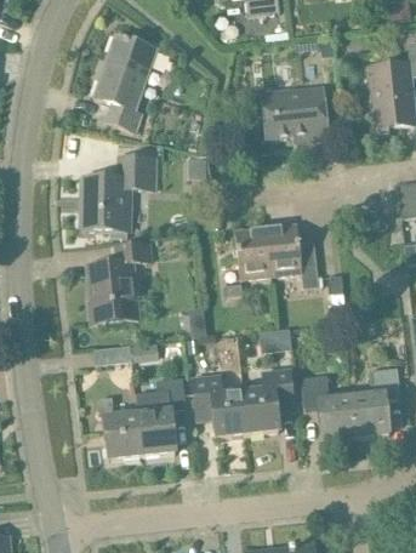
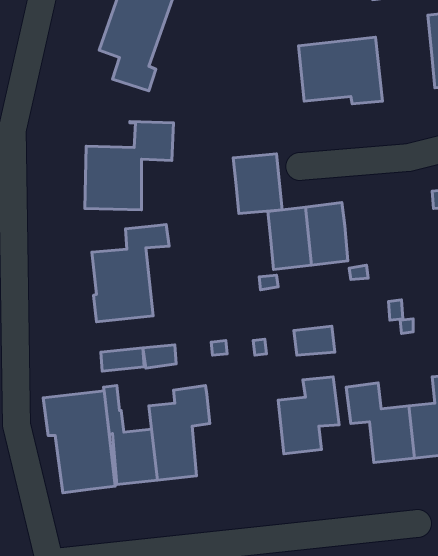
building: none -> [233,154,282,213]
building: [192,374,247,437] -> none
building: none -> [43,391,115,493]

